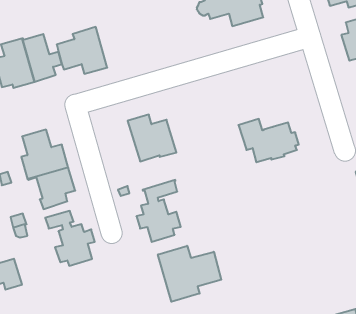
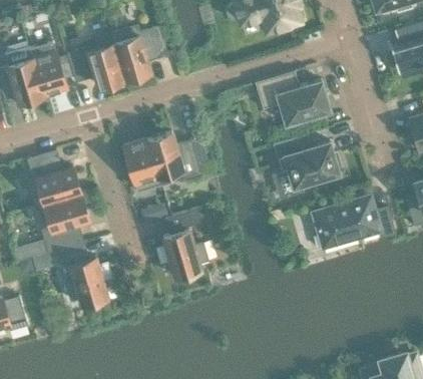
building: none -> [111,28,166,81]
building: none -> [255,72,328,125]
building: none -> [123,141,161,195]
building: none -> [312,198,395,250]
building: [158,246,221,302] -> none

